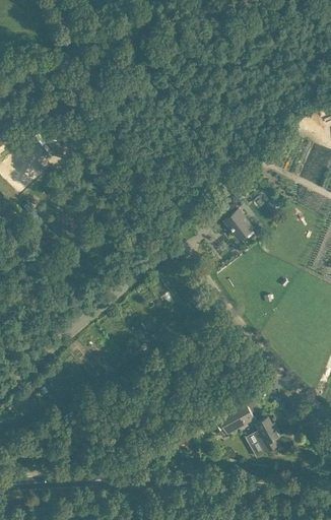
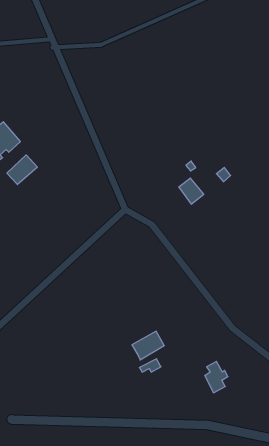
building: none -> [7,155,37,185]
building: [217,401,254,434] -> [132,331,164,360]

